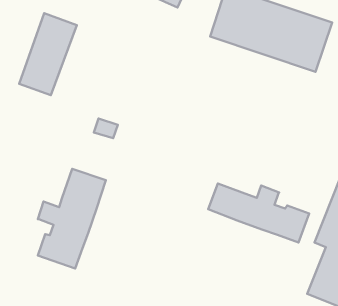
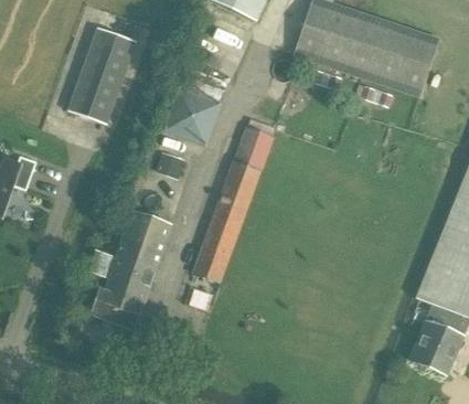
building: none -> [164,88,221,143]
building: none -> [193,127,273,281]
building: [208,184,309,242] -> none

